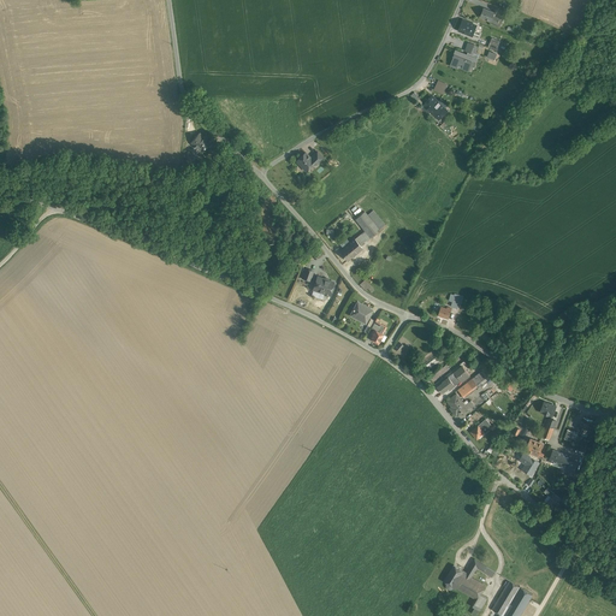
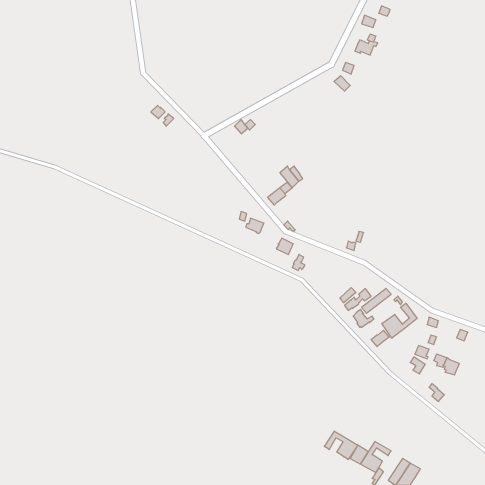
building: none -> [382,303,417,338]
building: none -> [324,431,358,460]

